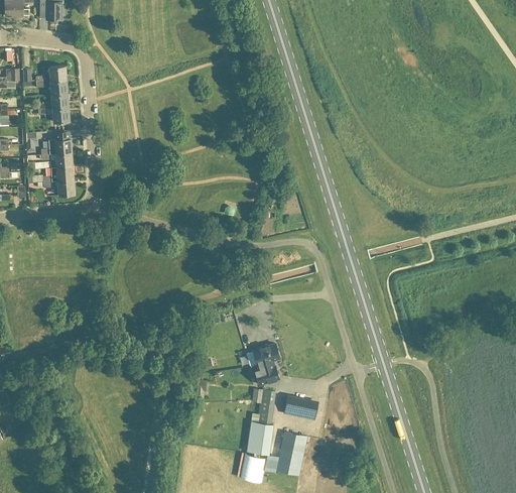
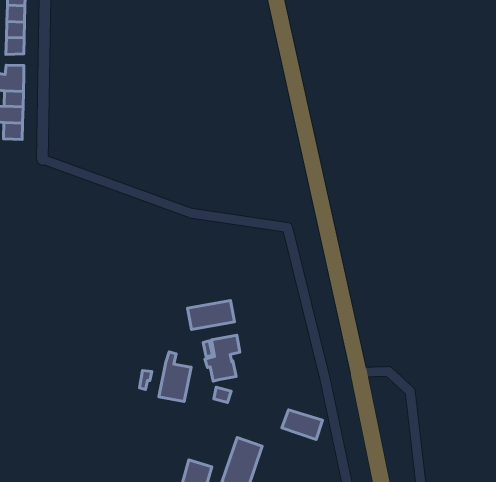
building: none -> [188,300,234,330]
building: [282,397,316,420] -> [282,410,323,440]
building: [247,413,272,455] -> [159,352,191,402]

